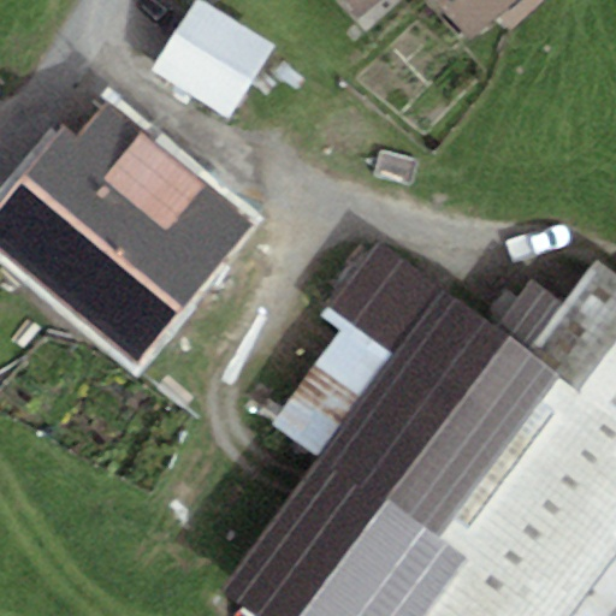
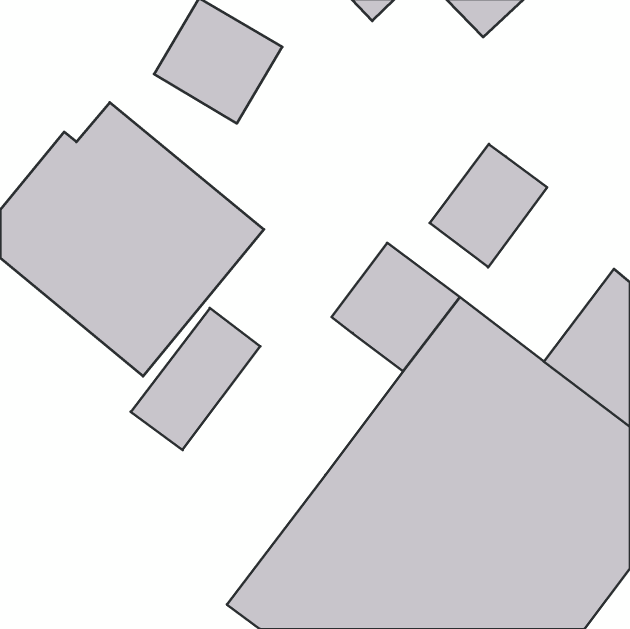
building: none -> [430,144,547,267]
building: [267,325,393,463] -> [131,308,260,450]

